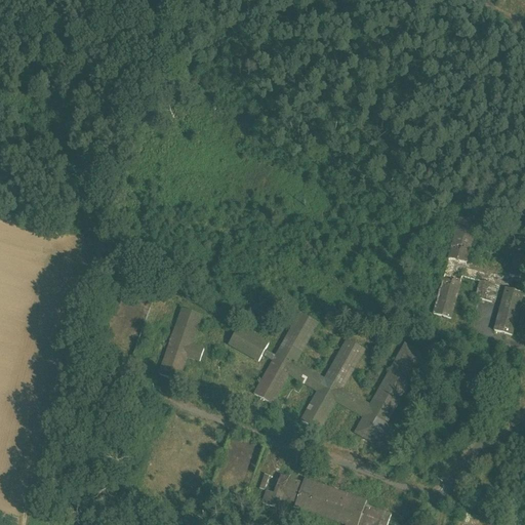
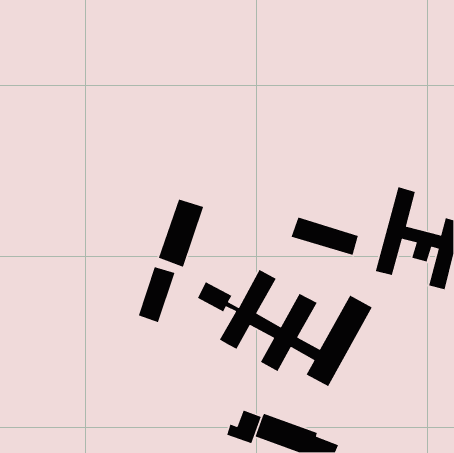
building: none -> [158,198,204,268]
building: none -> [290,217,359,256]

